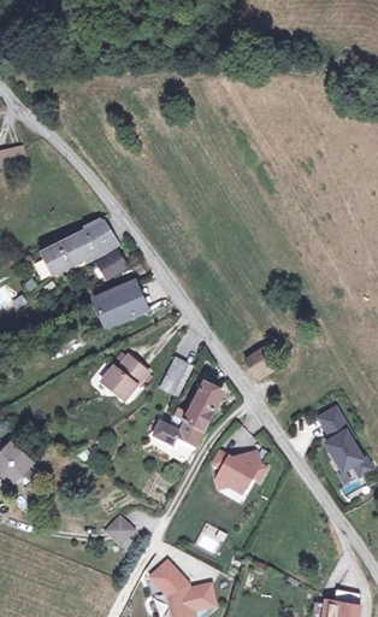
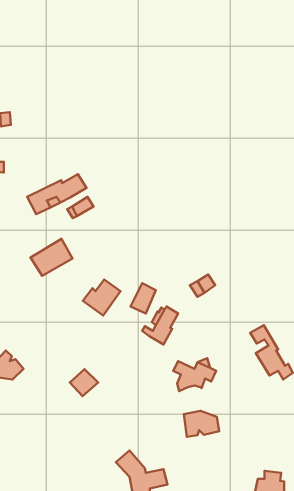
building: [93,282,144,328] -> [31,239,72,276]
building: [158,422,208,448] -> none
building: none -> [184,411,219,437]
building: [100,516,135,550] -> [70,369,98,396]

